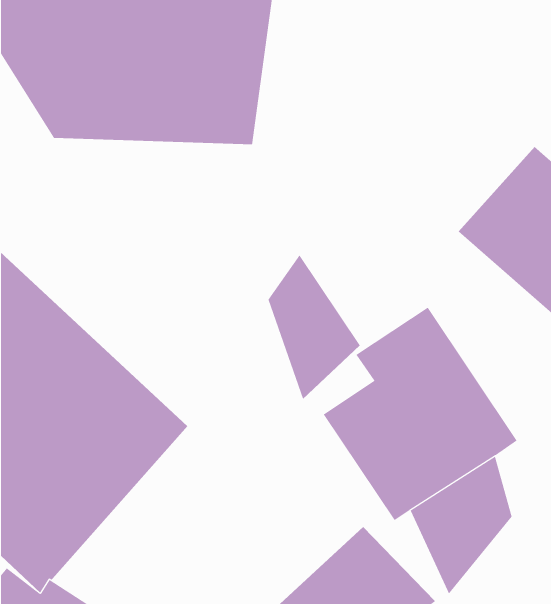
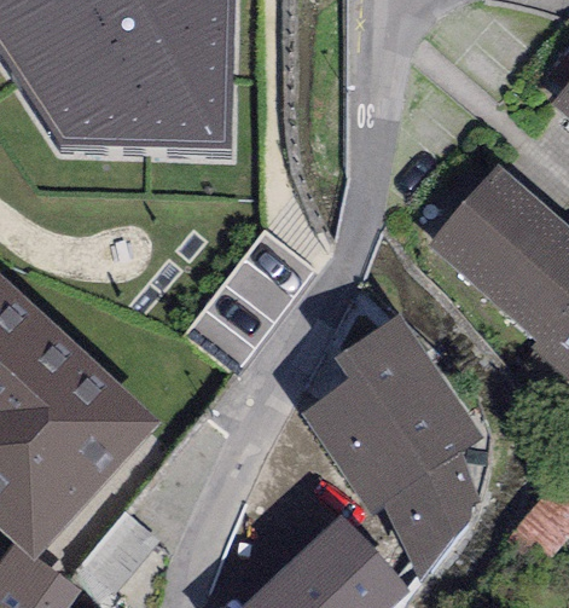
building: [268,254,360,400] -> none

